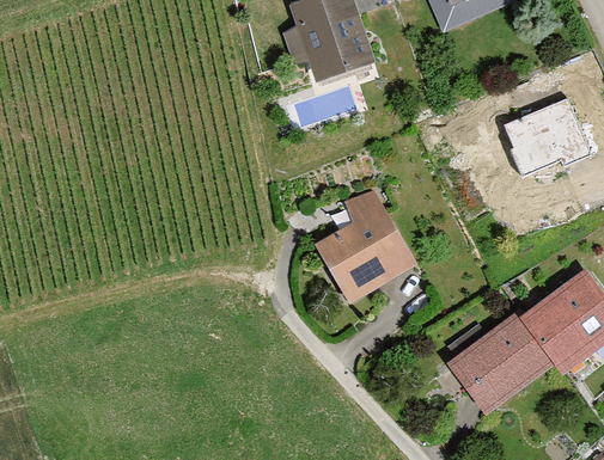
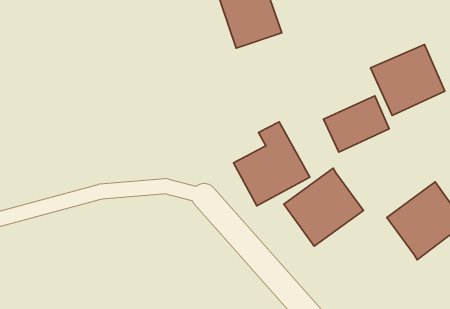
building: none -> [323,96,389,152]
building: [449,312,555,416] -> [284,168,364,246]

